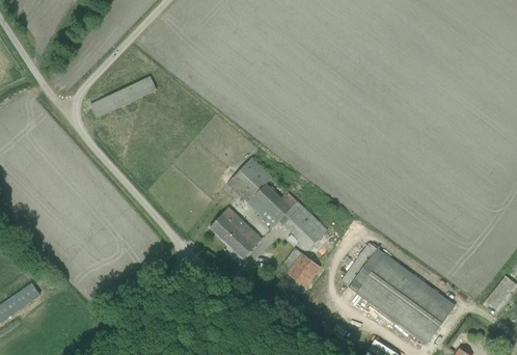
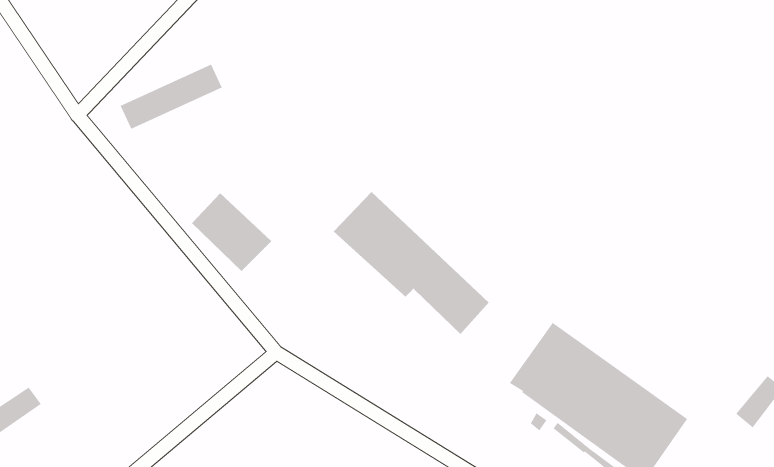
building: [210,208,262,258] -> [191,193,272,272]
building: [280,248,320,286] -> none

